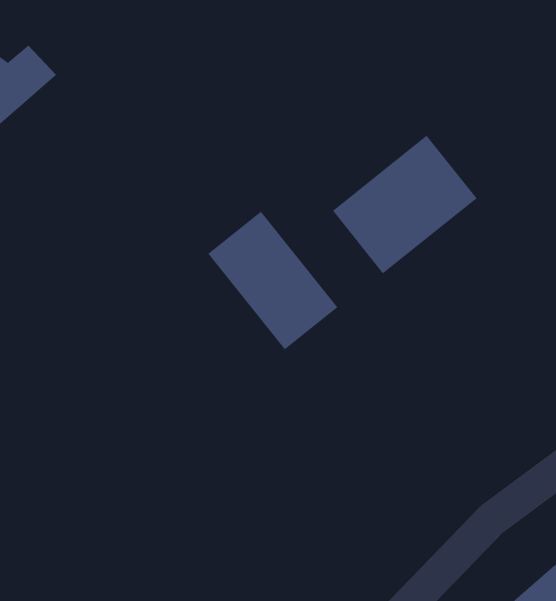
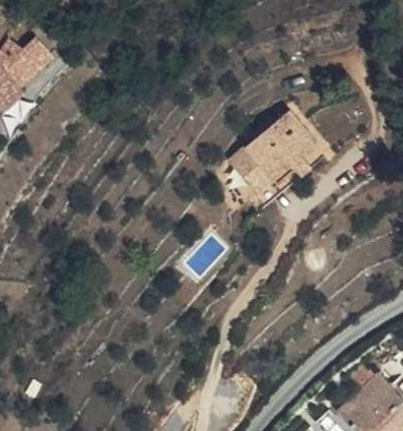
building: [207,211,338,350] -> none

